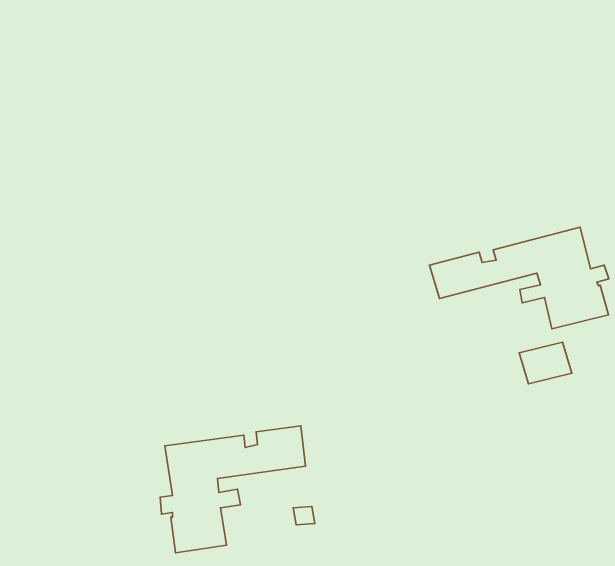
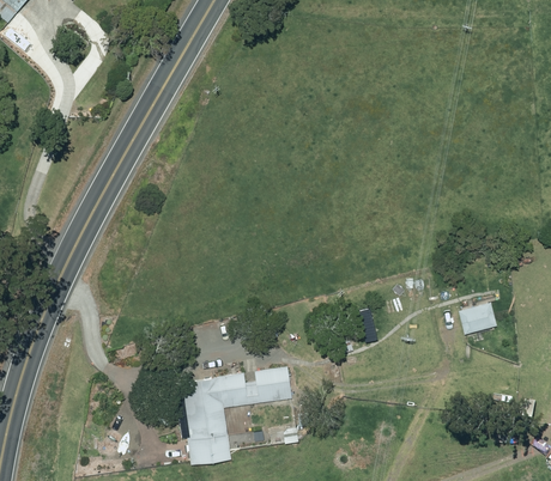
building: [430,227,609,329] -> none

